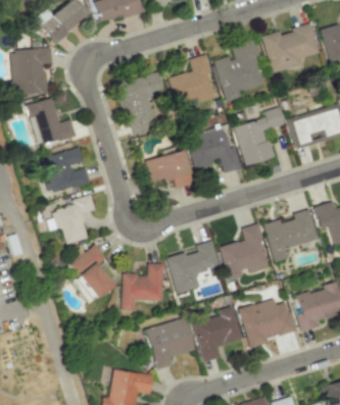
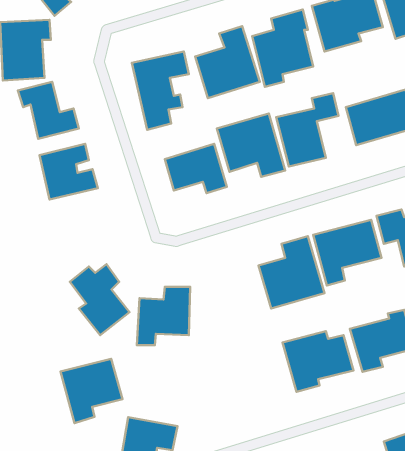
building: [54,195,95,245] -> none
building: [166,241,222,295] -> none
building: [193,306,242,362] -> none
building: [145,318,195,370] -> [60,359,122,423]

